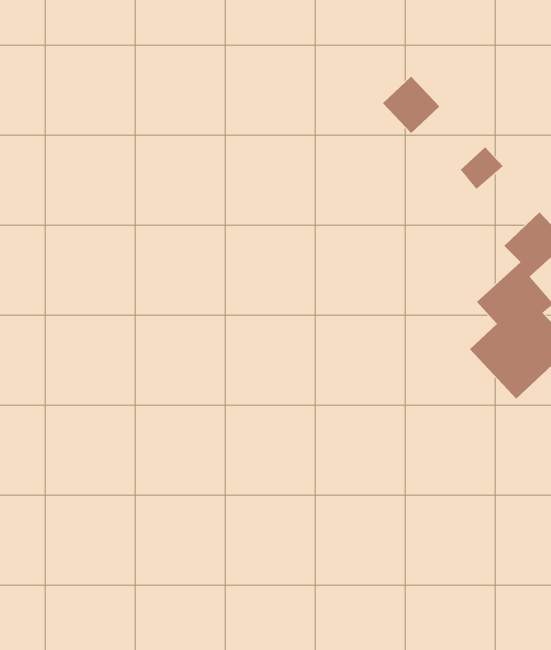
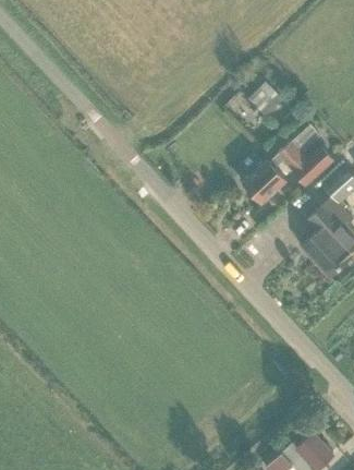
building: none -> [243,142,332,205]

